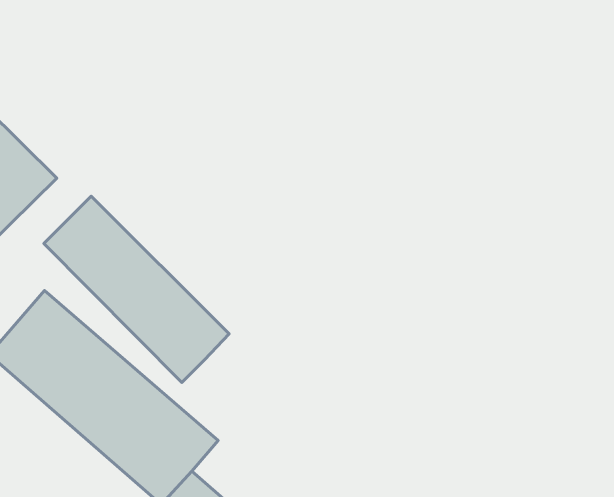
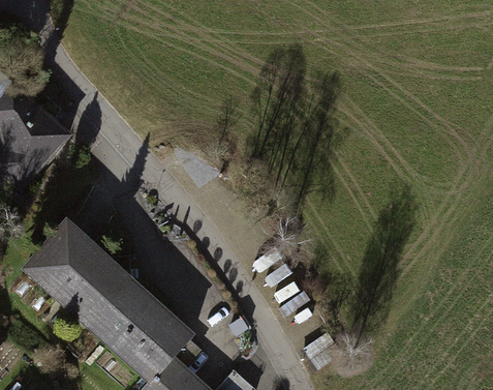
building: [44,196,229,382] -> none

